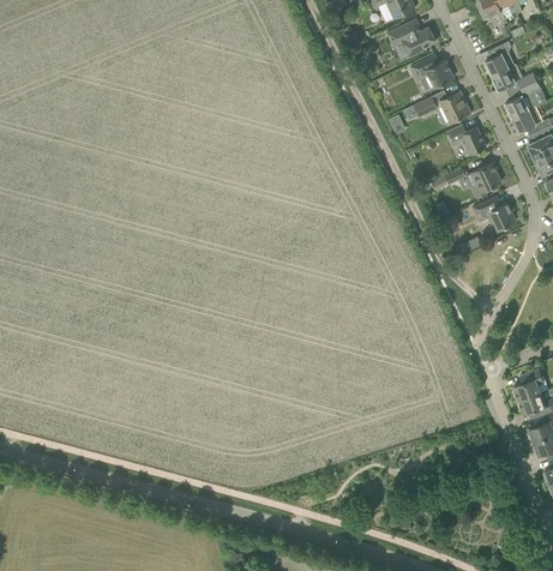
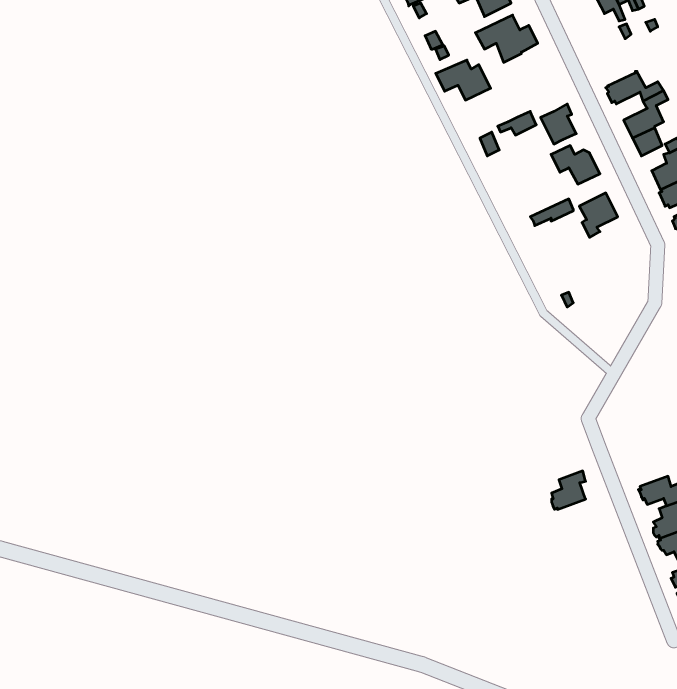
building: [483,40,515,76] -> none
building: [409,55,453,88] -> [436,60,491,100]
building: [471,196,516,230] -> none
building: [513,368,541,399] -> [552,471,586,509]

